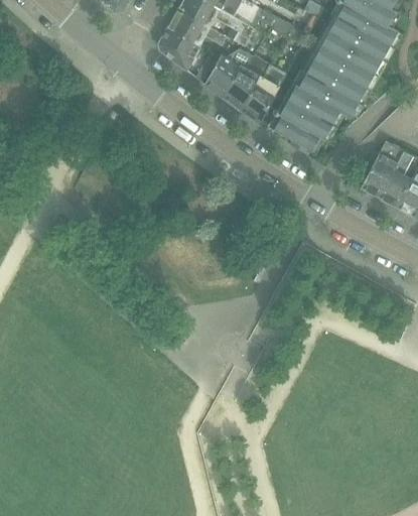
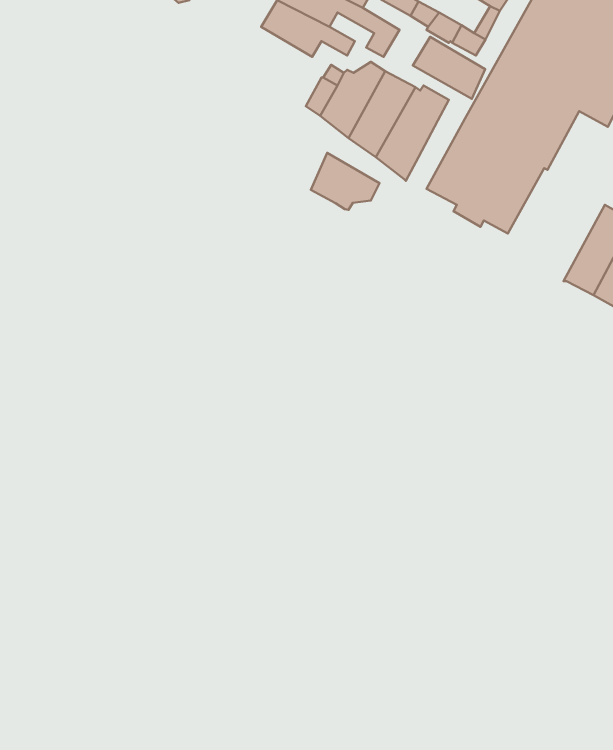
building: [159,25,199,69] -> none
building: none -> [413,37,485,99]
building: none -> [311,153,379,210]

